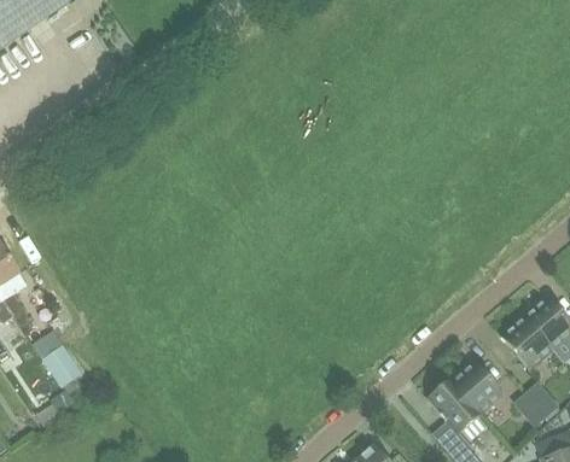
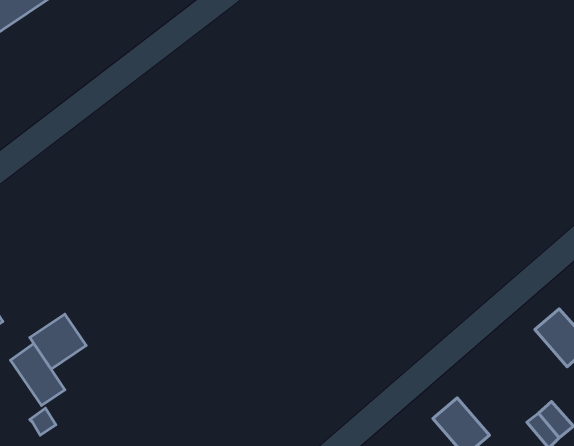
building: none -> [30,314,86,369]
building: [500,315,552,369] -> none
building: [449,359,502,414] -> none

